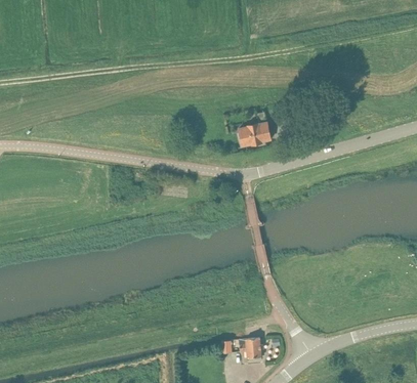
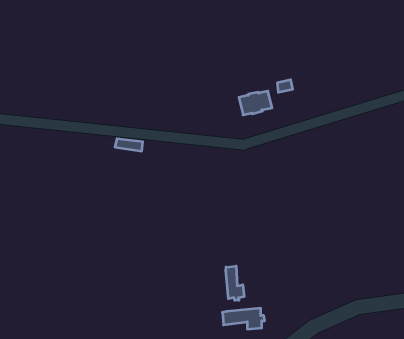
building: none -> [226,266,244,300]

